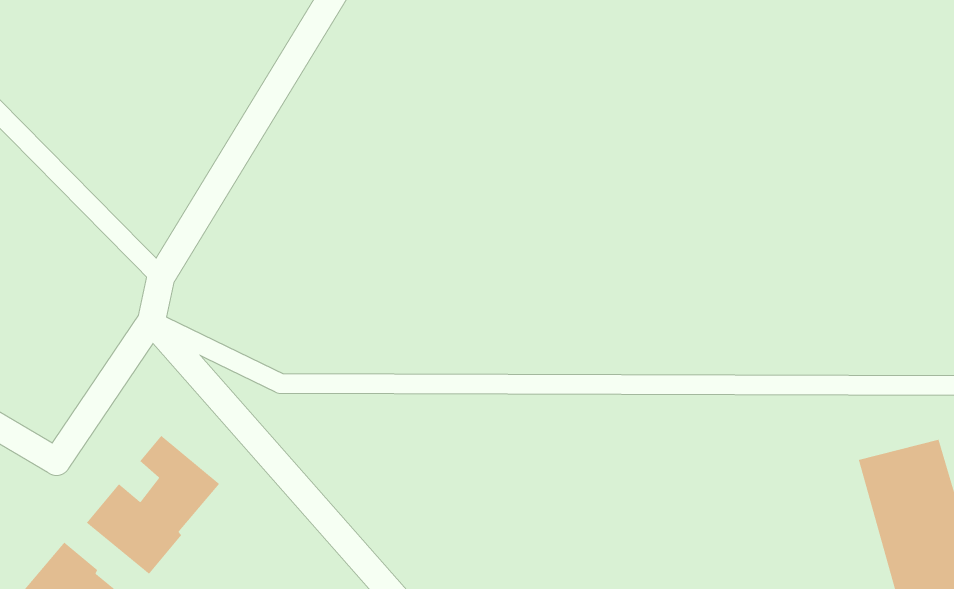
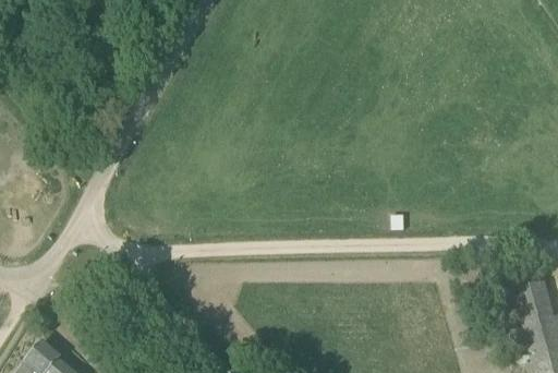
building: [86,435,220,575] -> none

